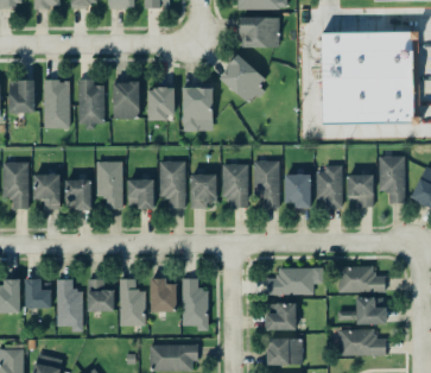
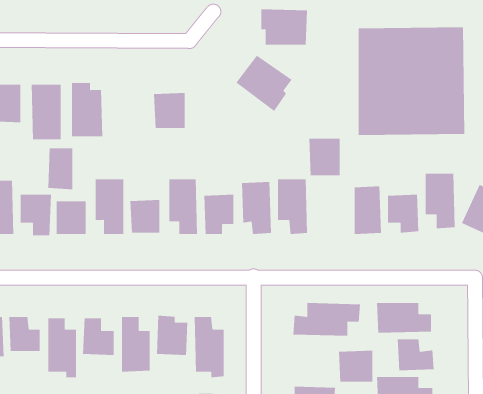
building: [113,81,140,118] -> none
building: [182,86,213,131] -> none
building: none -> [48,148,73,190]
building: [284,173,311,206] -> [308,138,340,176]
building: [266,302,296,329] -> [338,350,373,382]

